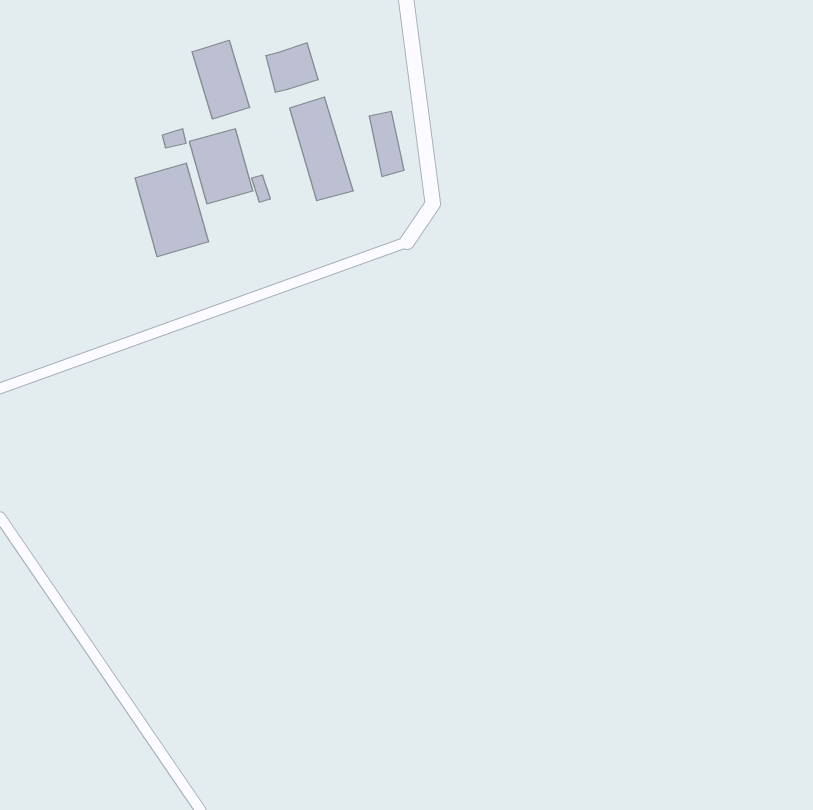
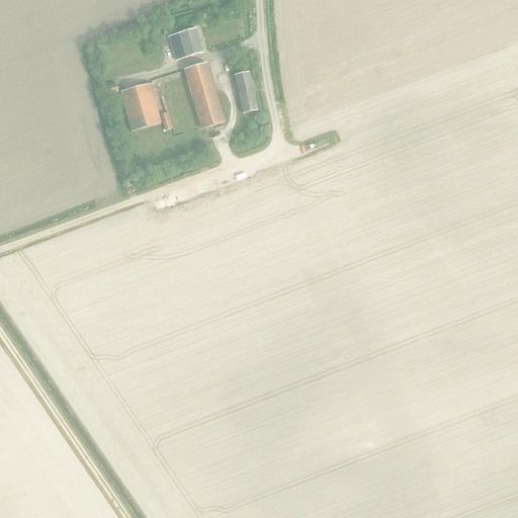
building: [192,40,250,119] -> none
building: [135,163,208,257] -> none

